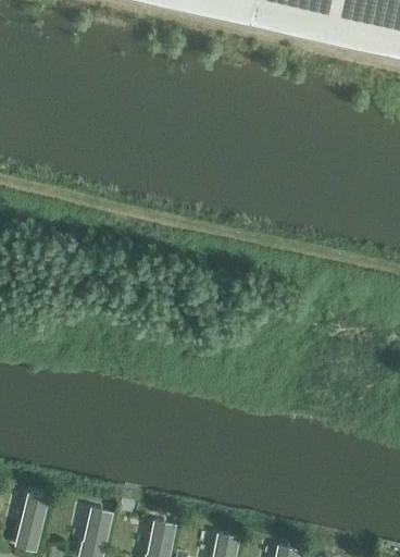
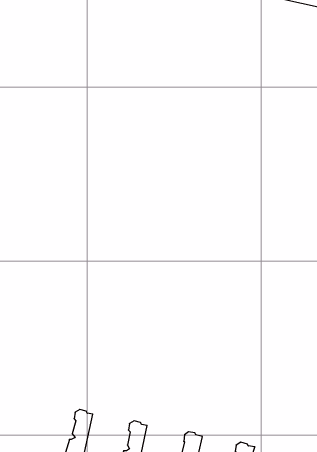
building: [17,481,49,537] -> none

